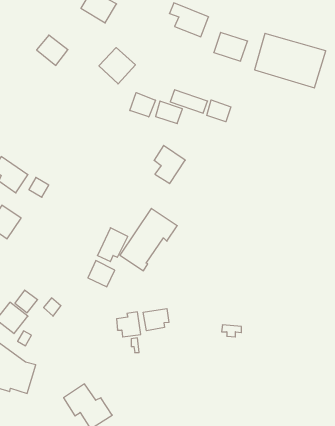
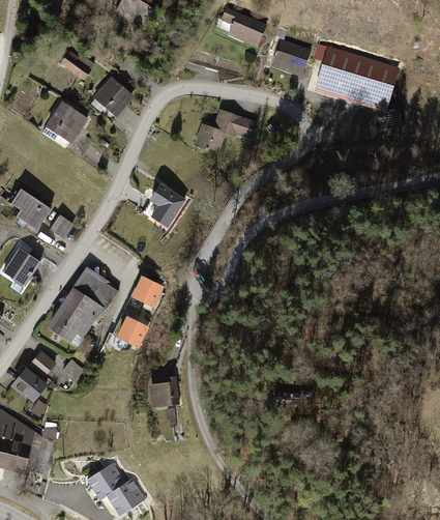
building: [99,48,135,84] -> [89,76,133,119]
building: none -> [40,100,84,144]
building: [130,93,155,117] -> none
building: [207,100,231,122] -> none
building: [154,145,185,184] -> [150,181,187,227]
building: [120,208,177,271] -> [51,270,119,345]
building: [143,309,169,331] -> none

